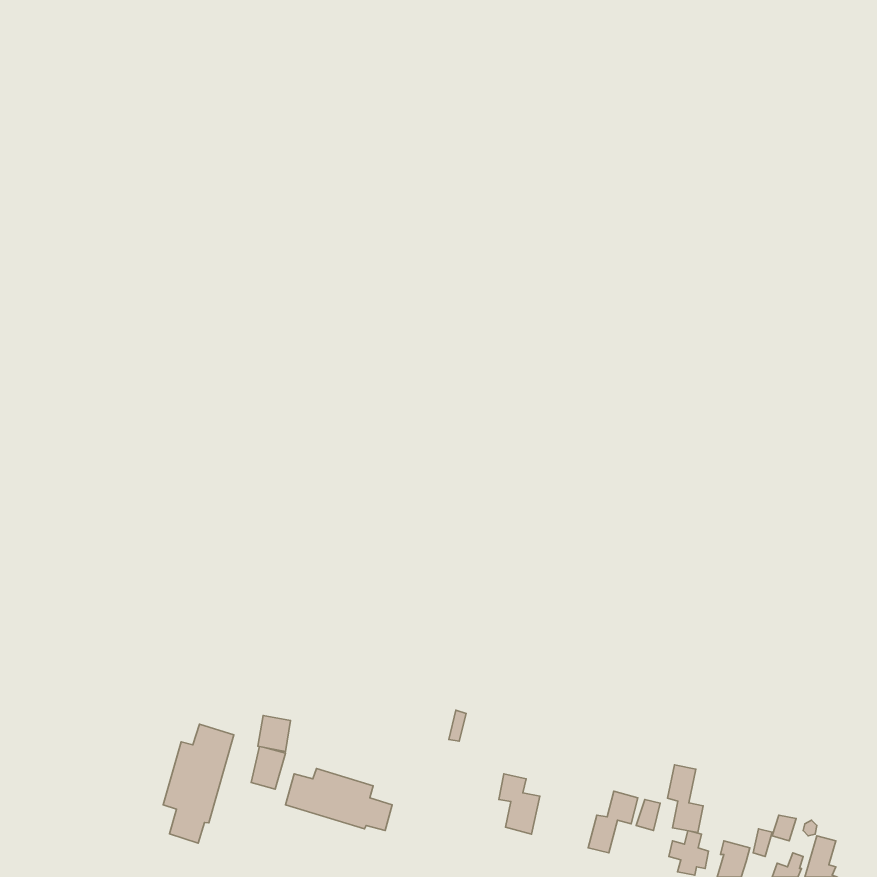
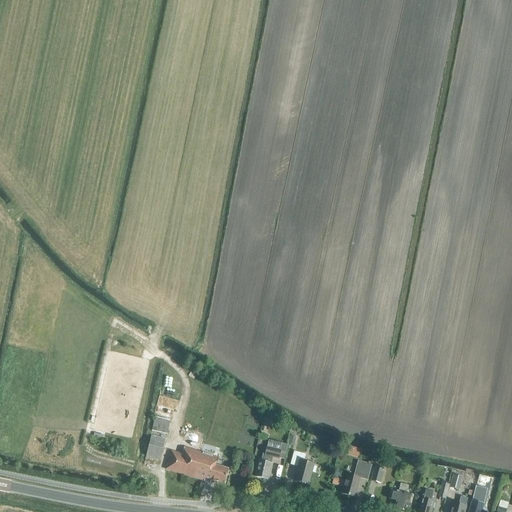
building: [163,724,234,843] -> none
building: none -> [256,439,283,479]
building: [668,765,703,832] -> none

